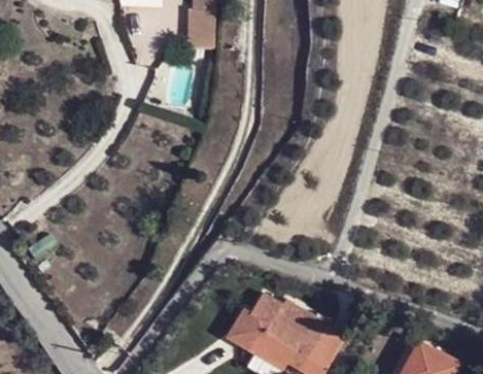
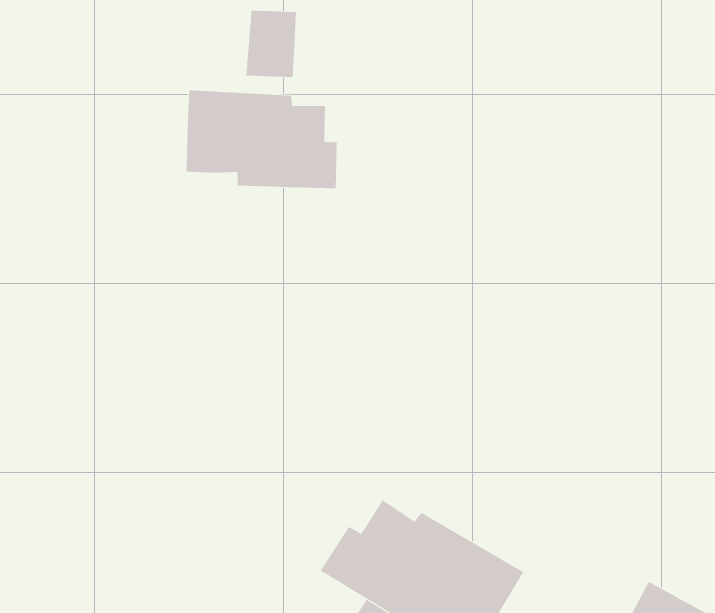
building: none -> [186,90,337,189]

